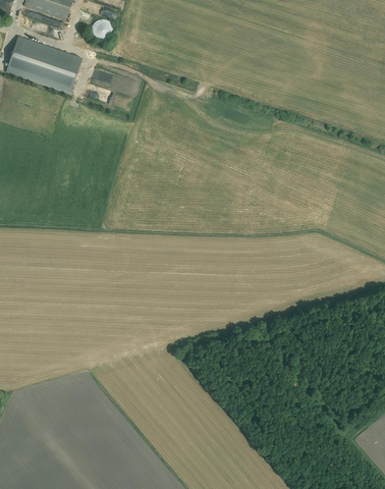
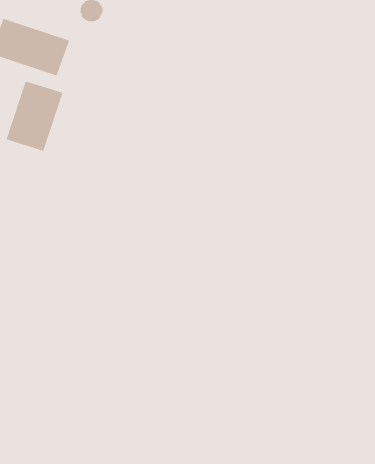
building: none -> [5,80,63,152]

